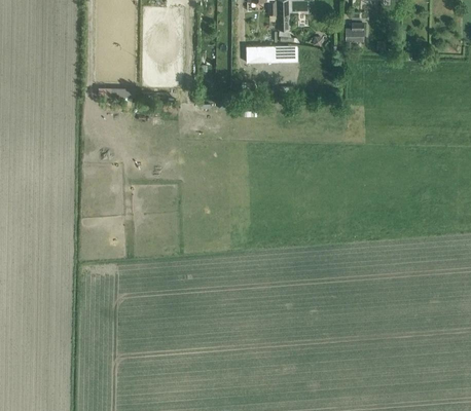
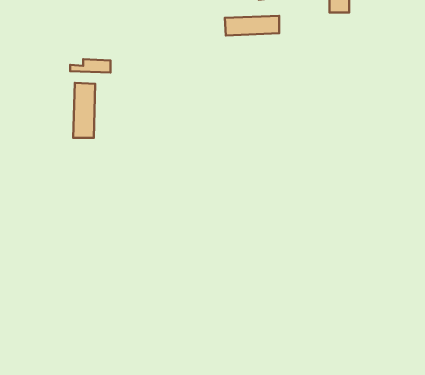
building: none -> [73,83,95,138]

